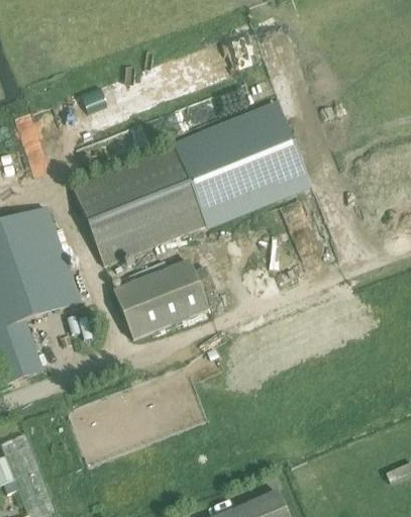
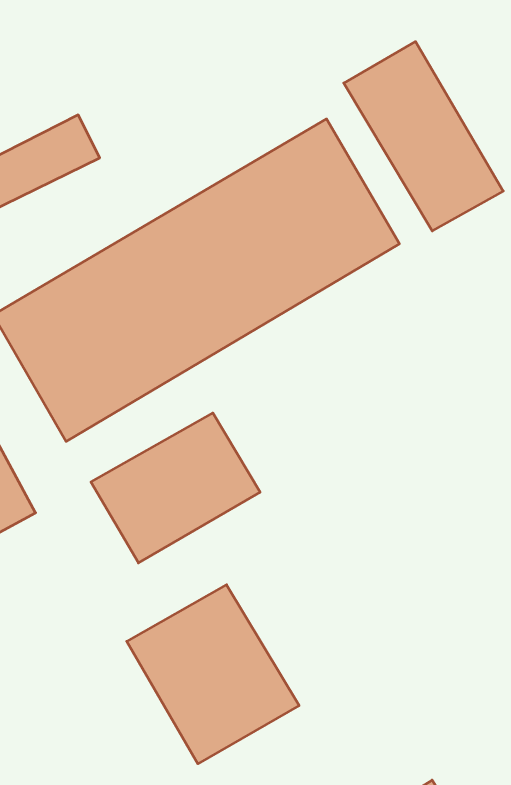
building: none -> [344,42,503,231]
building: none -> [127,585,299,764]

